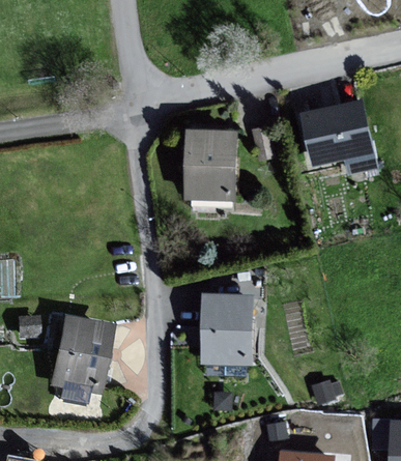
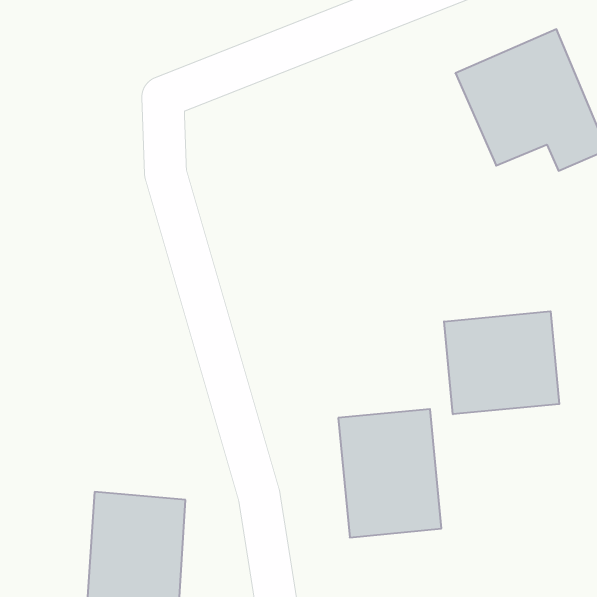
building: [185,129,239,201] -> none
building: none -> [444,311,559,414]

